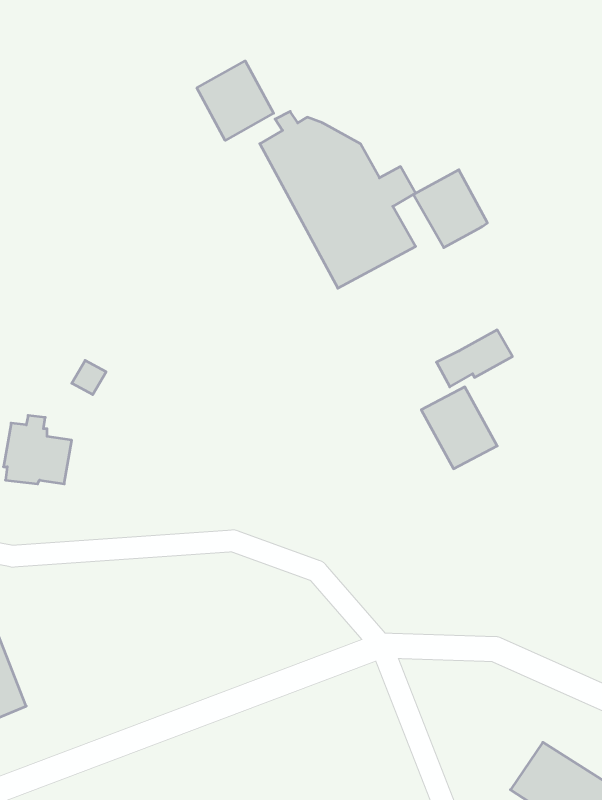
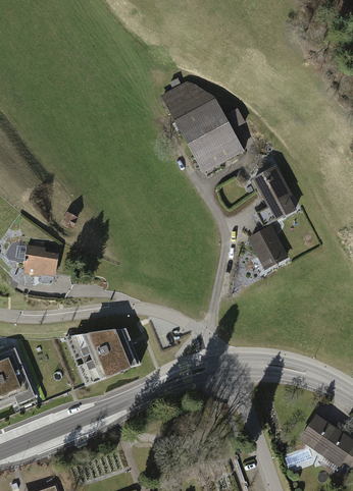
building: [197,61,274,140] -> none
building: [413,170,487,248] -> [251,164,291,206]
building: none -> [64,327,140,385]

